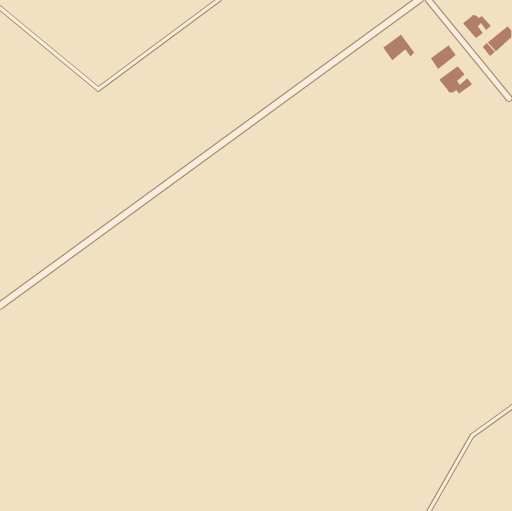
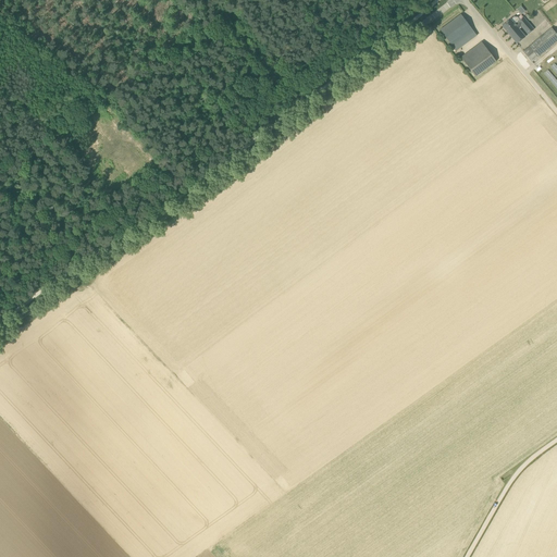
building: [382,33,415,61] -> [441,13,476,44]
building: [438,65,473,94] -> none

